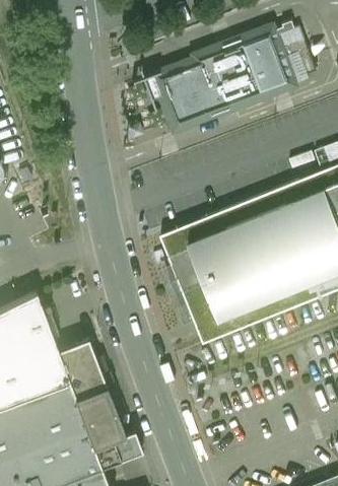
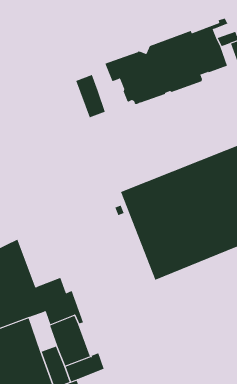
building: none -> [76,74,106,118]
building: [50,384,83,432] -> none

